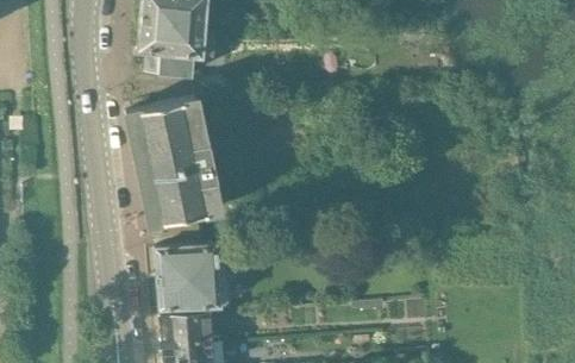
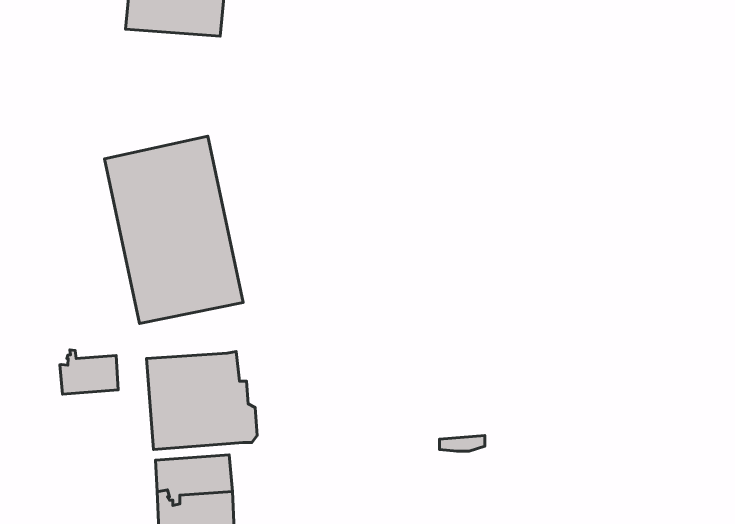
building: [138,24,217,75] -> none
building: none -> [60,350,118,394]

